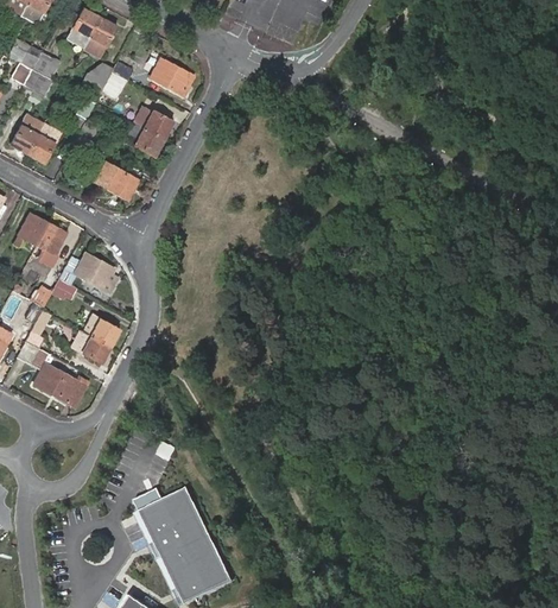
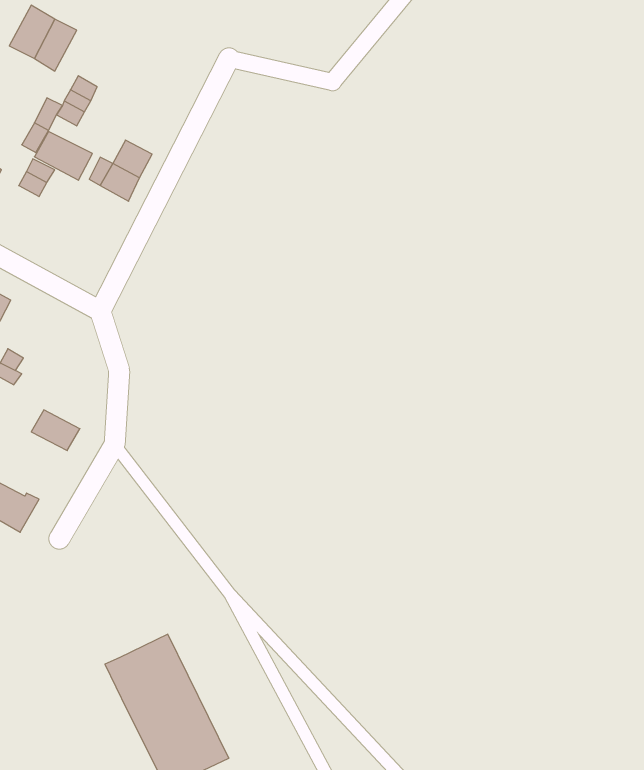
building: [150,57,194,95] -> none
building: [95,163,139,200] -> [34,132,92,180]
building: [76,253,119,291] -> none
building: [69,329,109,363] -> none

